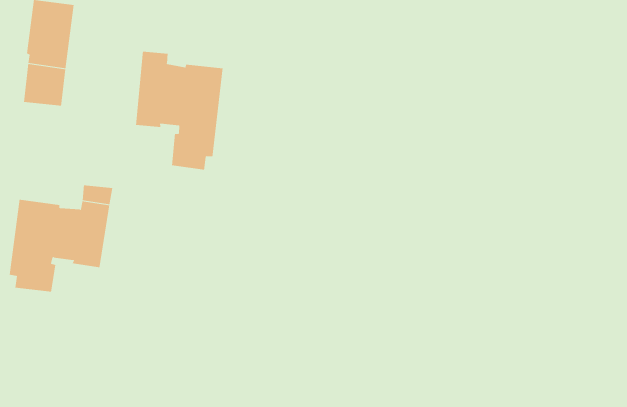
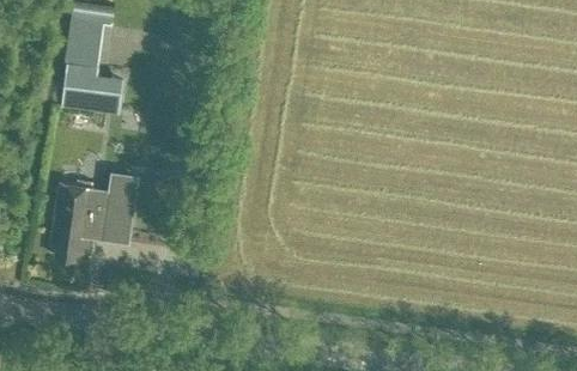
building: [135,51,223,170] -> none
building: none -> [95,77,123,110]

